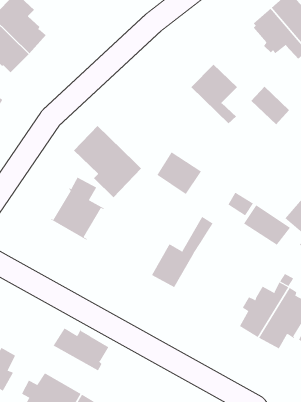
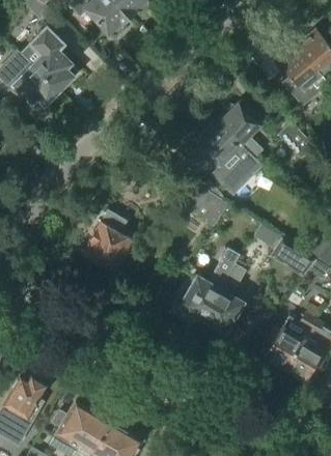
building: [73,125,142,198] -> [194,122,261,194]
building: none -> [202,264,246,334]
building: [53,327,109,372] -> none

